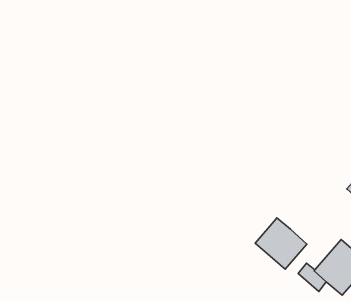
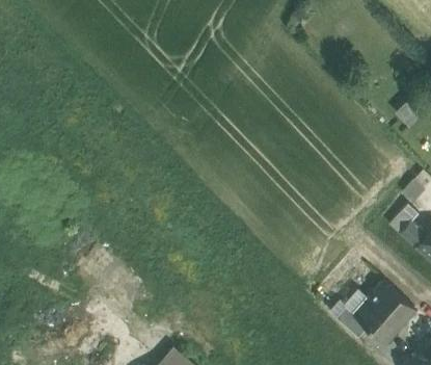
building: [255,218,307,269] -> none

